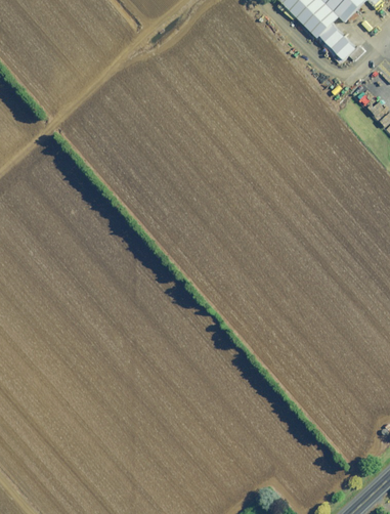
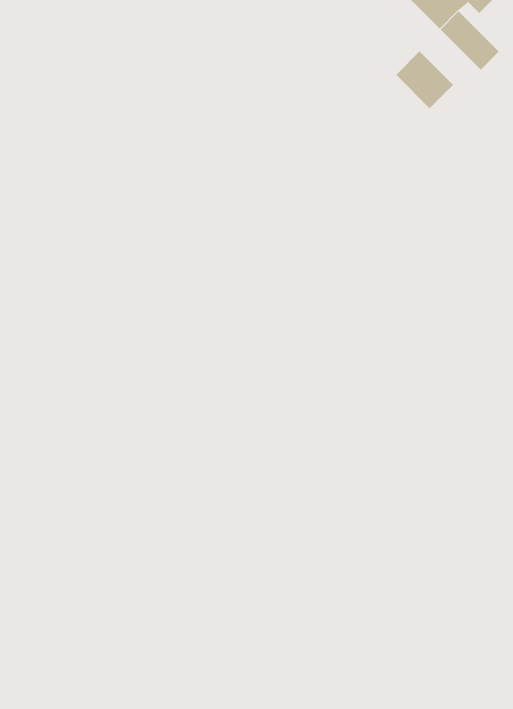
building: none -> [395,51,454,109]

